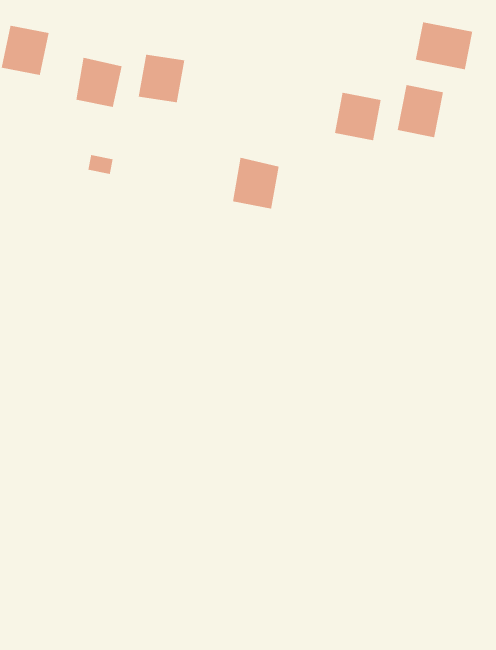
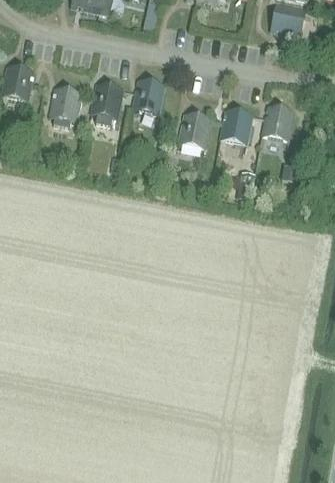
building: [415,21,473,70] -> none
building: none -> [133,79,166,112]
building: [232,157,280,209] -> [180,111,211,145]

